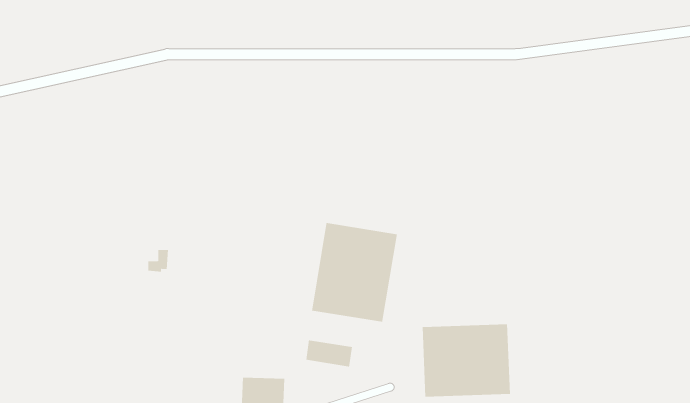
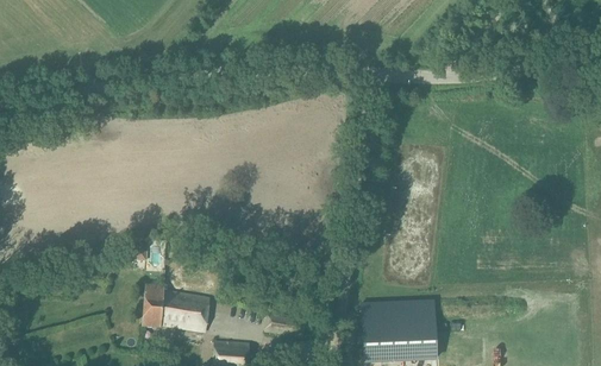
building: [312,222,397,323] -> none
building: none -> [145,283,212,330]

